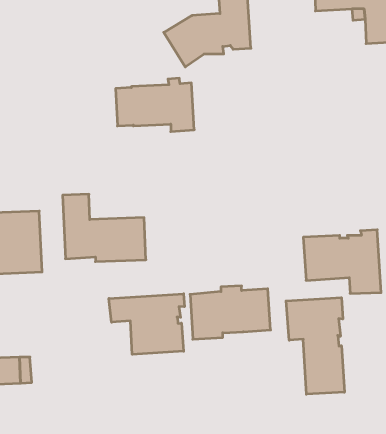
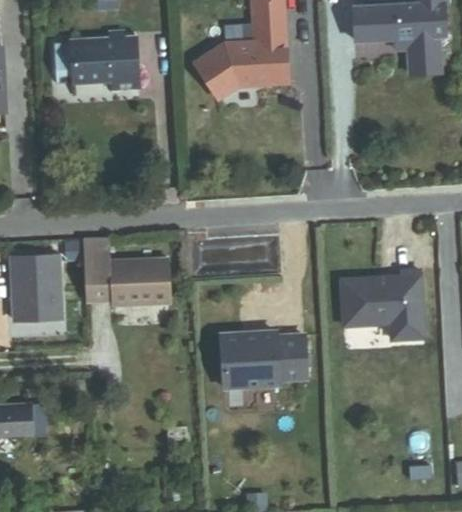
building: [116,78,194,132] -> [60,32,144,89]
building: [109,294,184,354] -> none
building: [286,298,344,394] -> none

